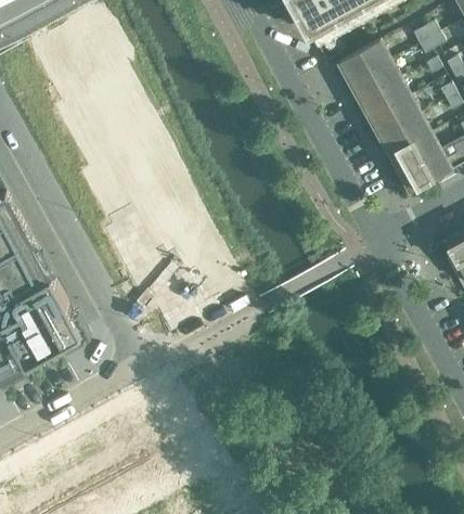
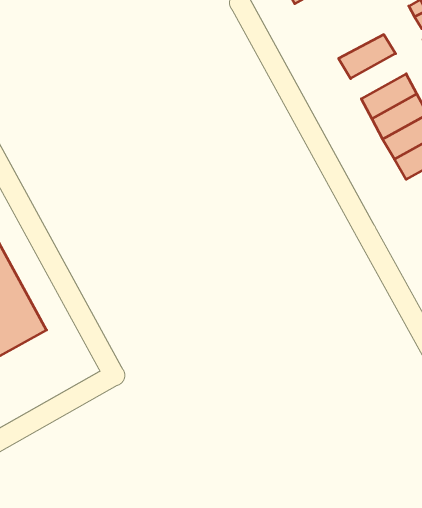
building: [340,44,391,86] -> none
building: [361,81,412,123] -> none

